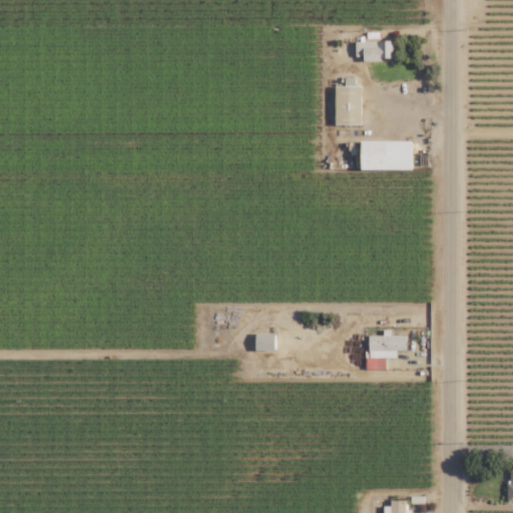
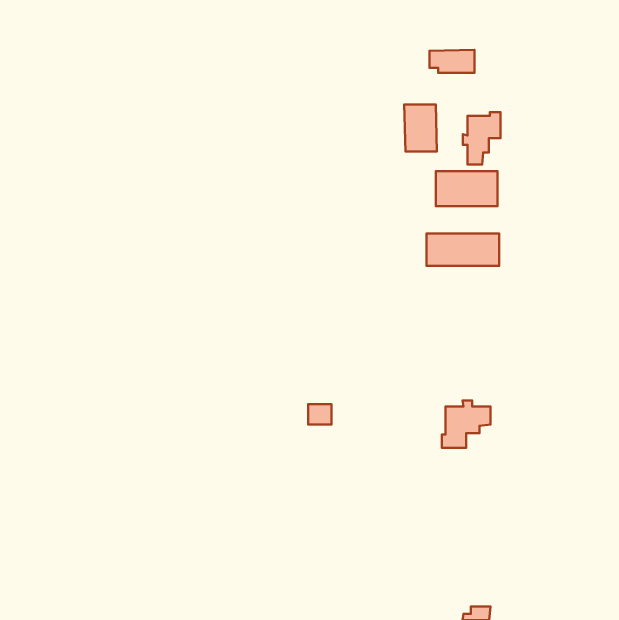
building: none -> [463,112,500,164]
building: none -> [427,233,499,266]

